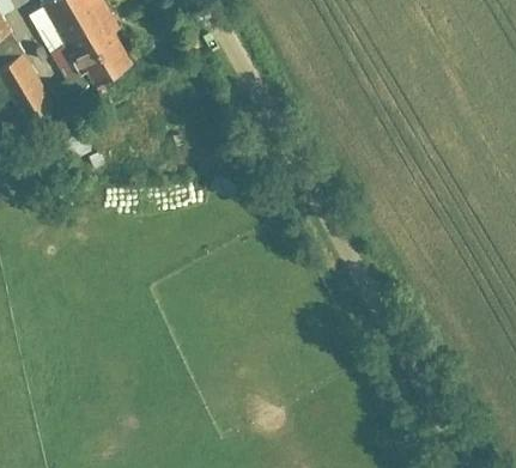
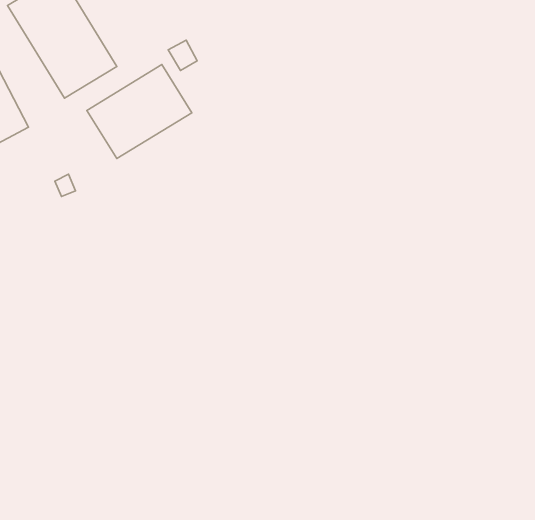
building: none -> [87,65,192,159]

